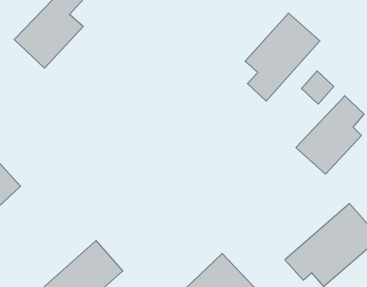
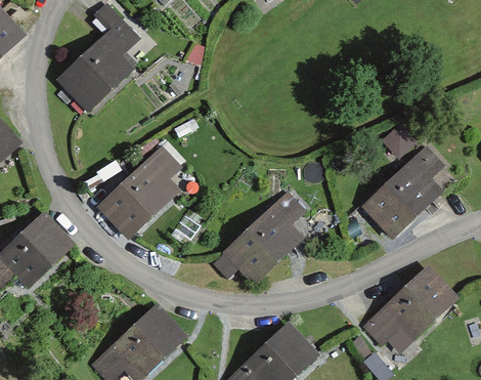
building: [245,13,320,101] -> none
building: none -> [96,146,183,242]
building: none -> [208,191,303,287]

